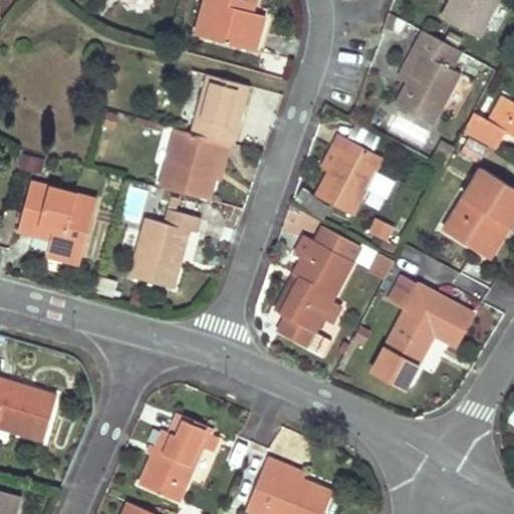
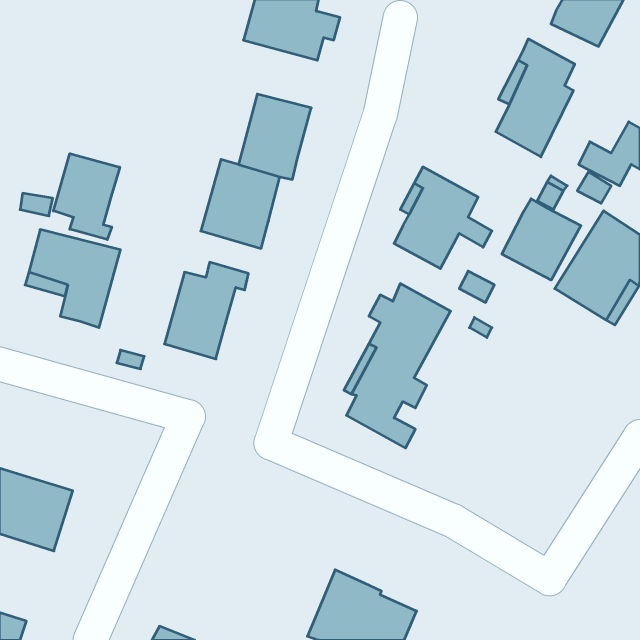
building: none -> [53,154,120,240]
building: none -> [502,199,581,280]
building: [371,276,472,389] -> none
building: [140,418,210,501] -> none

